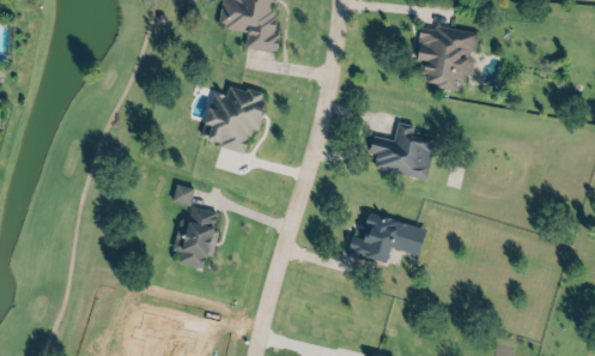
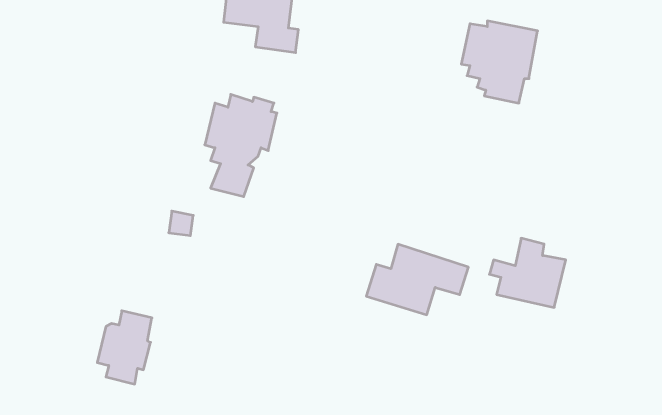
building: [374,119,437,176] -> [489,238,566,307]
building: [170,206,215,267] -> [97,311,152,384]

